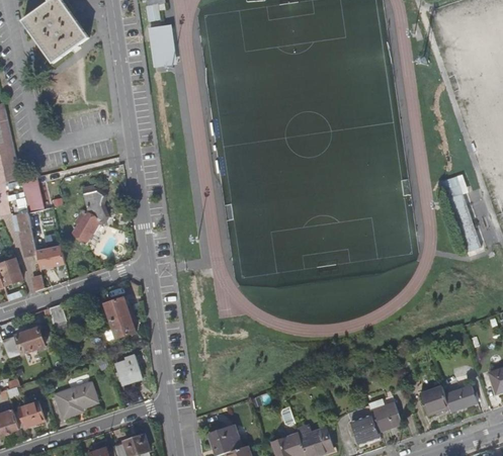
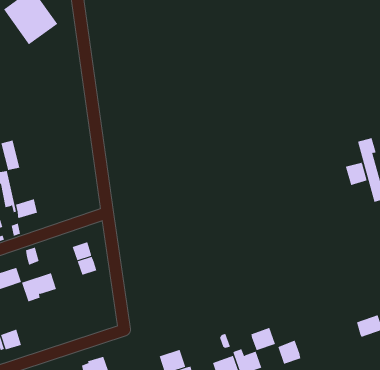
building: [148,22,178,65] -> none
building: [72,191,105,241] -> none
building: none -> [345,162,368,186]
building: [115,354,142,385] -> none
building: [55,382,97,418] -> [21,272,57,302]
building: [420,386,448,415] -> none
building: [370,402,401,431] -> [250,327,276,351]

